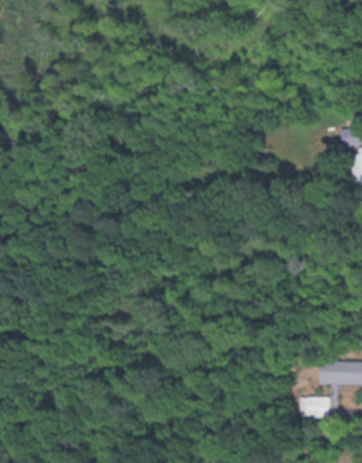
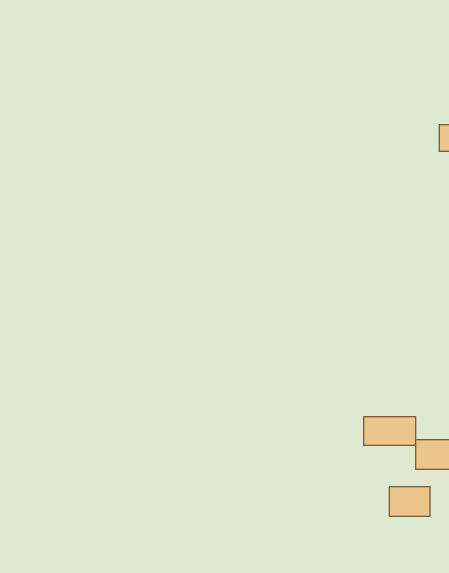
building: none -> [364,417,416,446]

